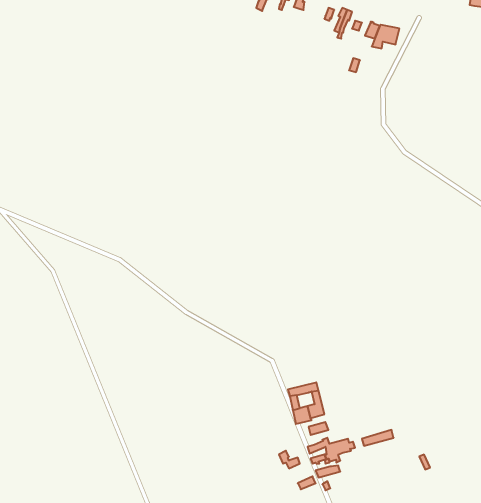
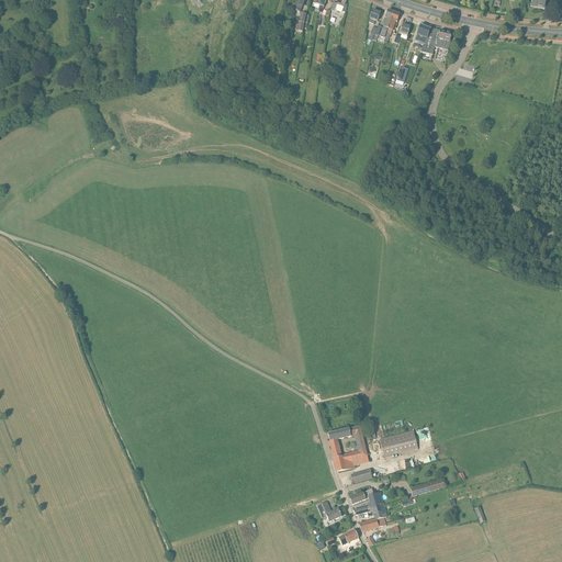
building: none -> [379,429,417,457]

